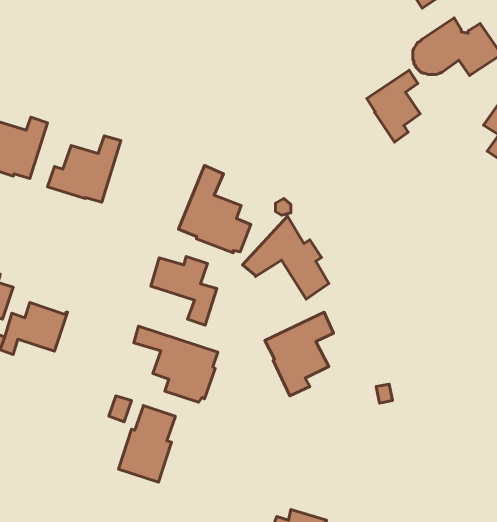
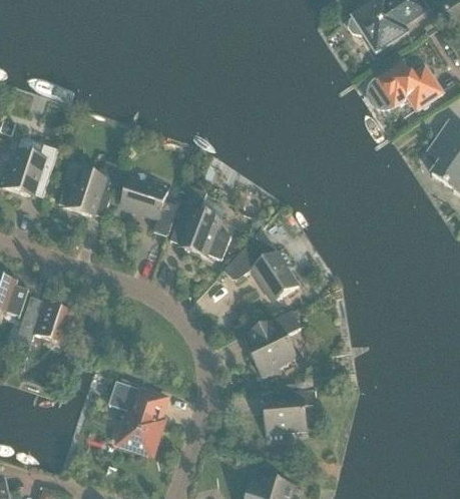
building: [367,70,420,142] -> none
building: [151,257,217,325] -> [122,176,178,234]
building: [134,326,218,402] -> none
building: none -> [264,389,316,440]

